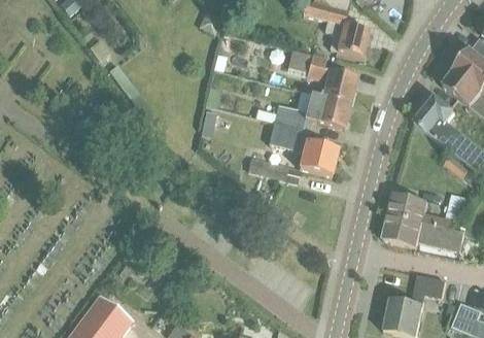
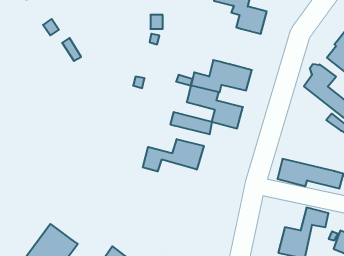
building: [288,49,356,102] -> none
building: none -> [143,139,204,171]
building: [388,191,455,229] -> none

